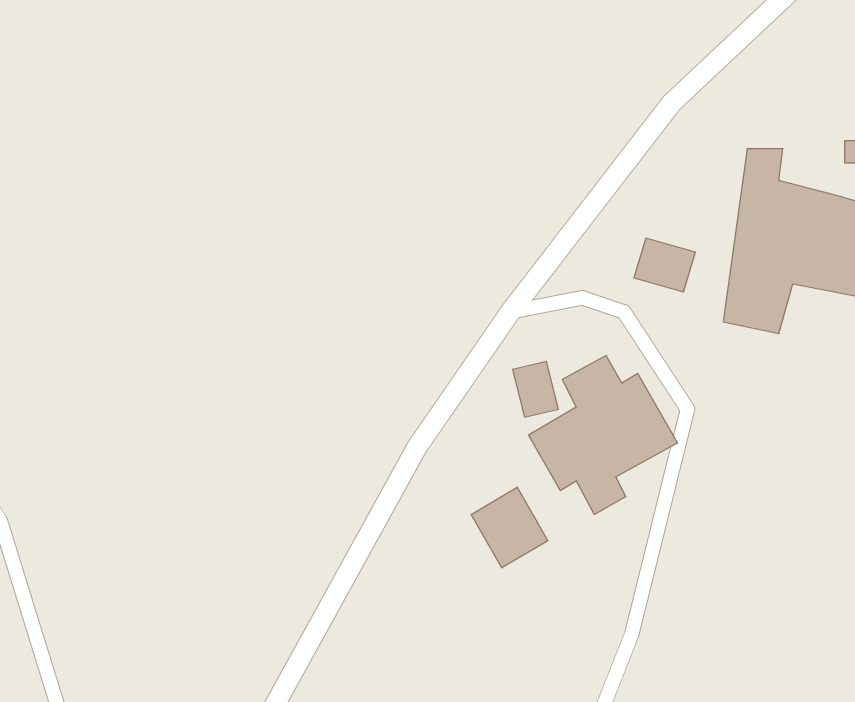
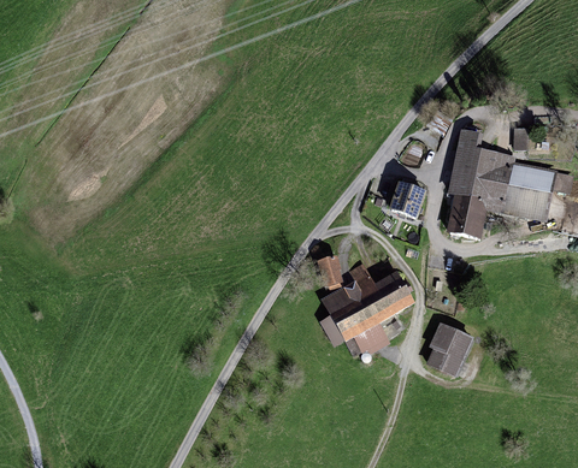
building: none -> [430,331,473,378]
building: [471,487,548,568] -> none

